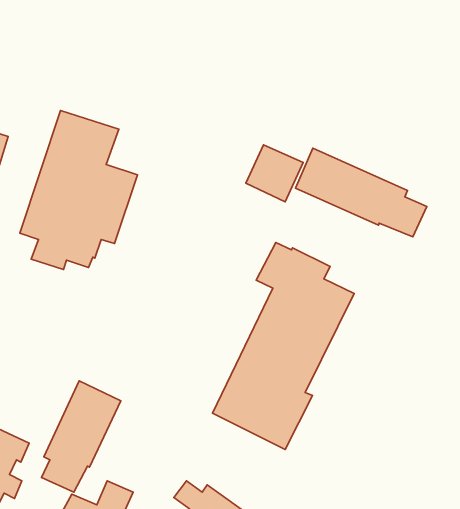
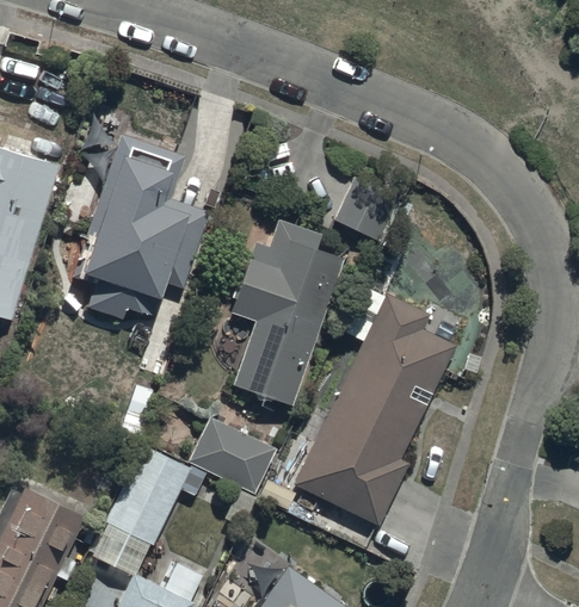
building: [295,148,427,237] -> none
building: none -> [230,221,343,407]
building: none -> [185,415,276,495]

